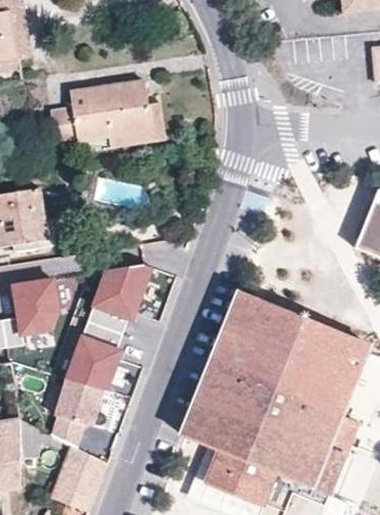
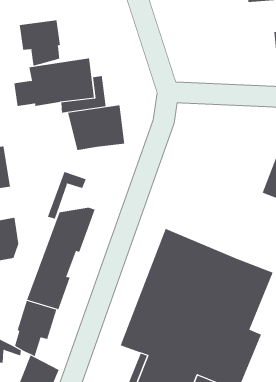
building: none -> [19,20,61,66]
building: none -> [68,105,125,151]
building: none -> [47,171,86,219]

